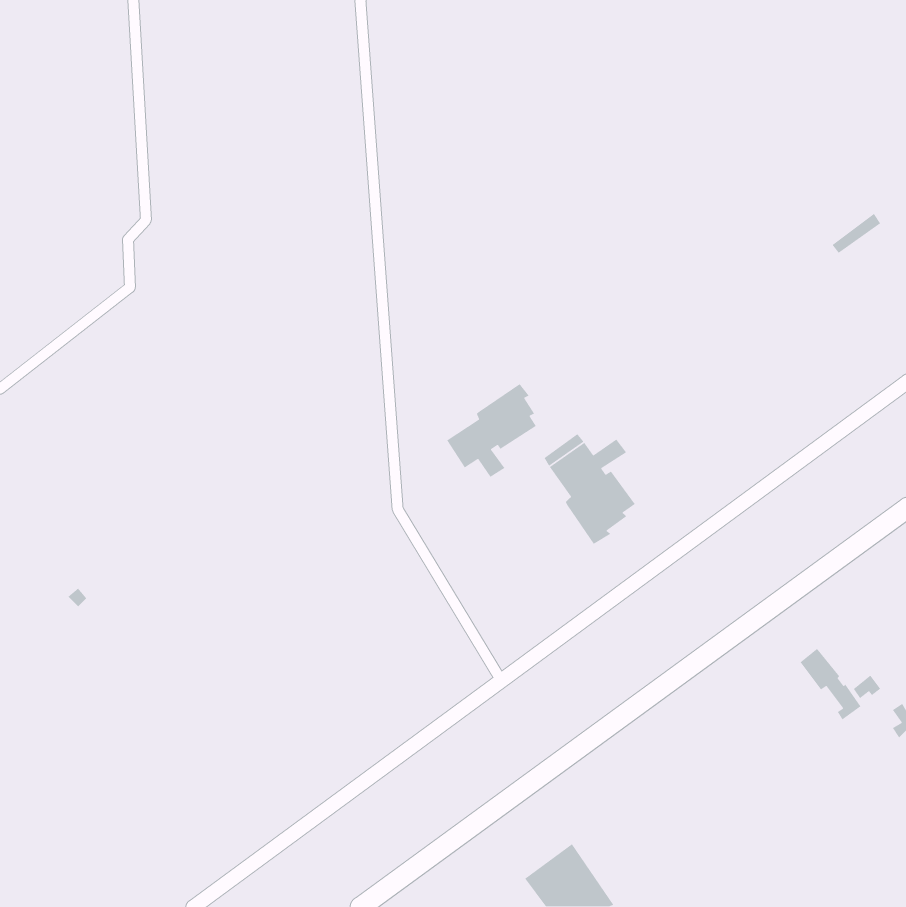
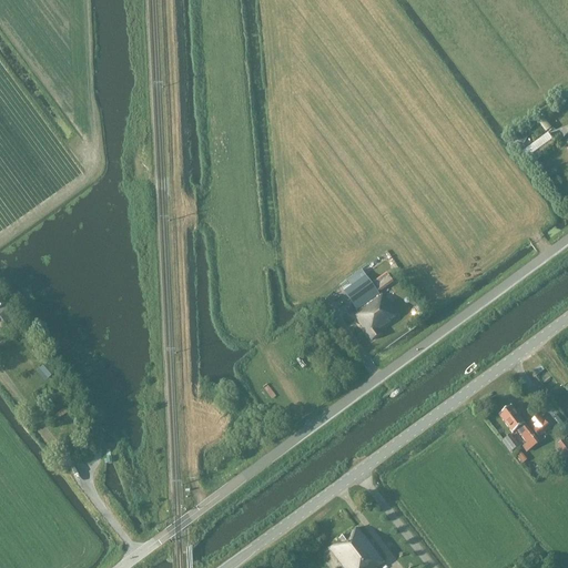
building: [446,383,537,478] -> none

